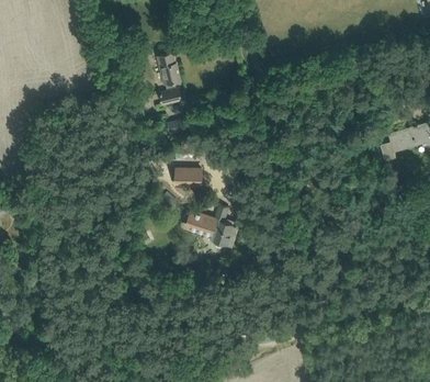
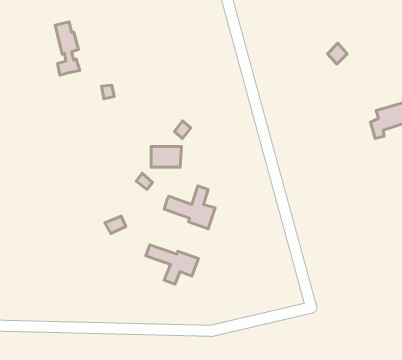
building: [158,54,181,104] -> [55,22,80,75]
building: none -> [146,245,199,284]

